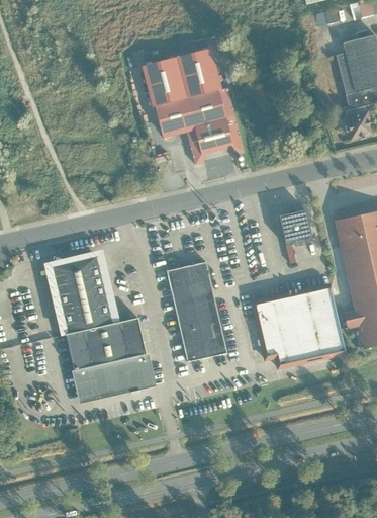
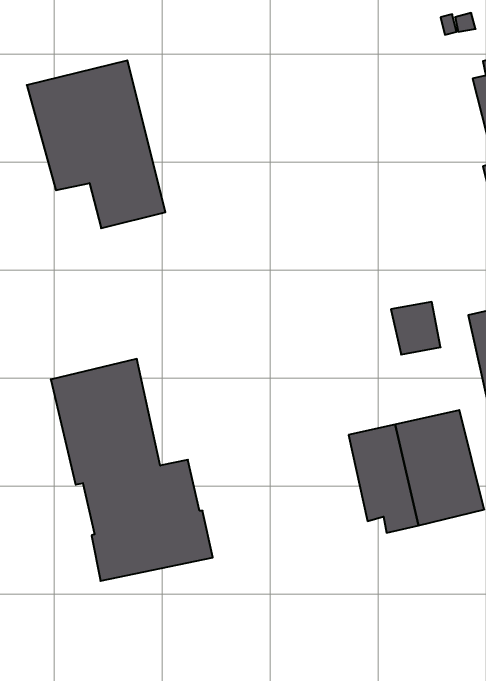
building: [145,47,241,163] -> [27,60,165,228]
building: [170,262,228,362] -> none

